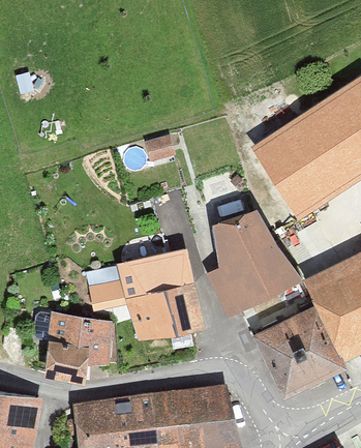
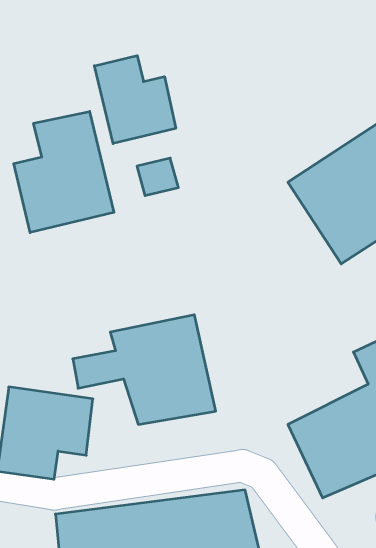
building: none -> [94,56,176,144]
building: none -> [14,111,114,233]
building: [210,213,299,312] -> none

